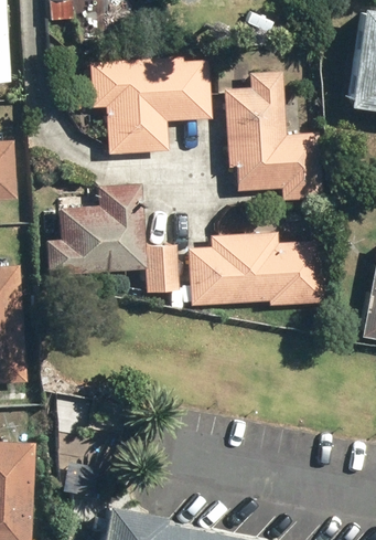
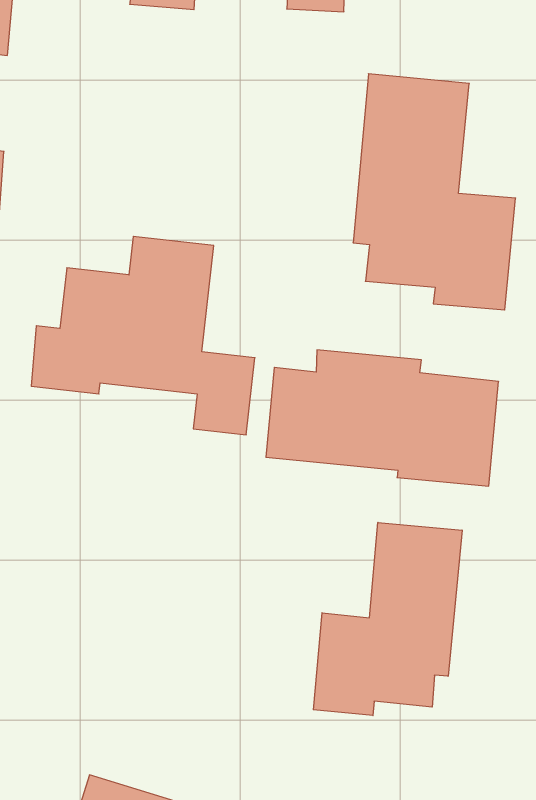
building: [90,61,212,153] -> none
building: none -> [313,522,462,716]

